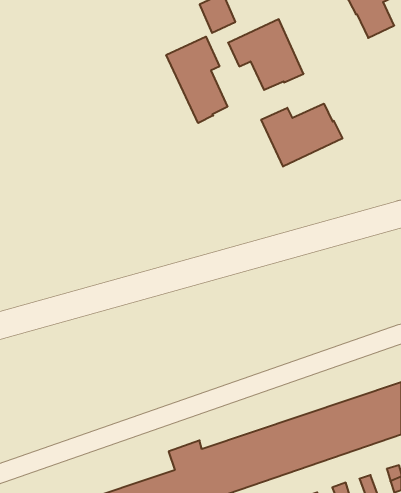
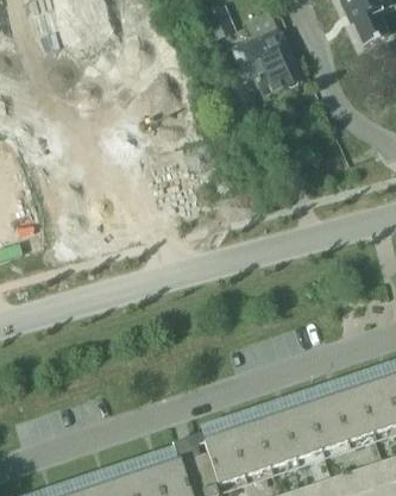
building: [166,37,227,123] -> none
building: [261,104,342,167] -> none

